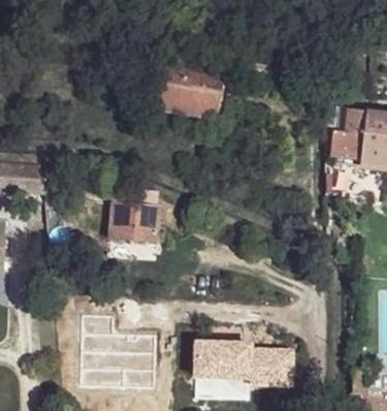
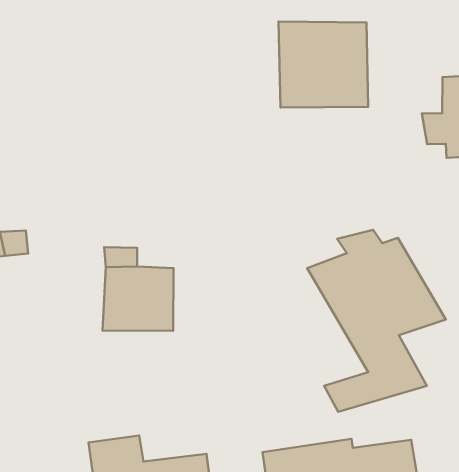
building: [160,60,226,126] -> [278,22,368,108]
building: none -> [307,230,446,412]

